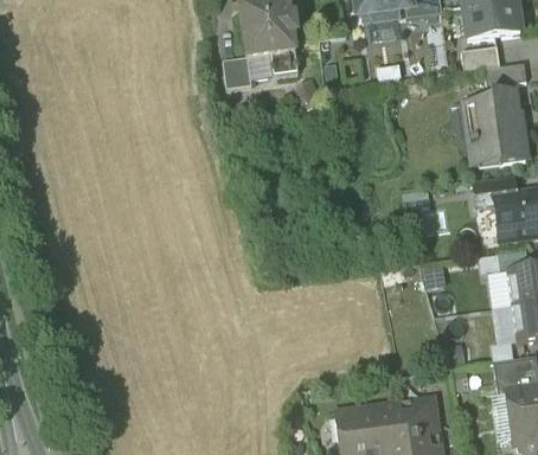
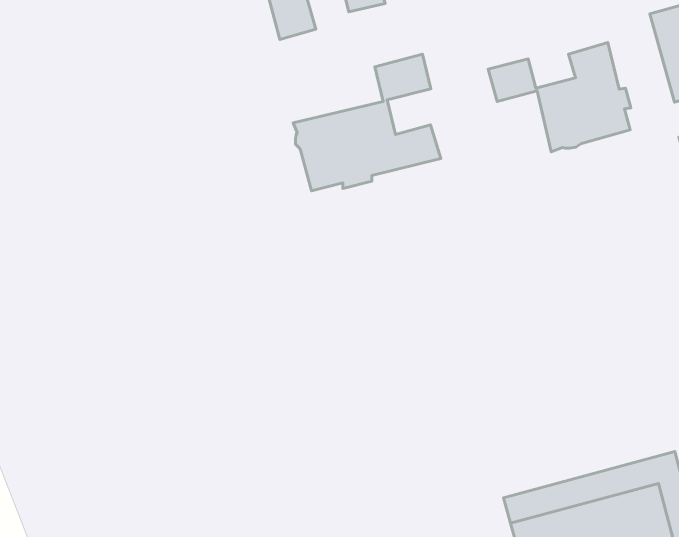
building: none -> [293,54,441,191]
building: none -> [488,42,631,152]

